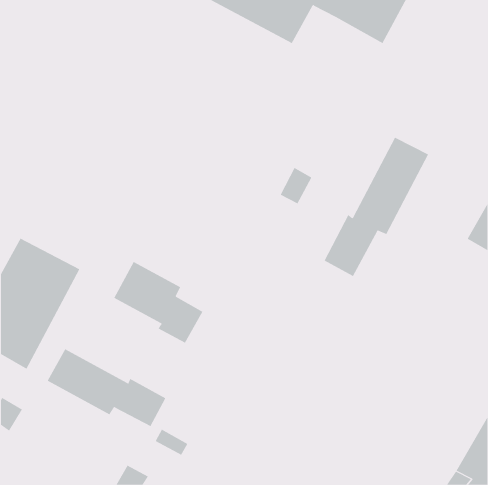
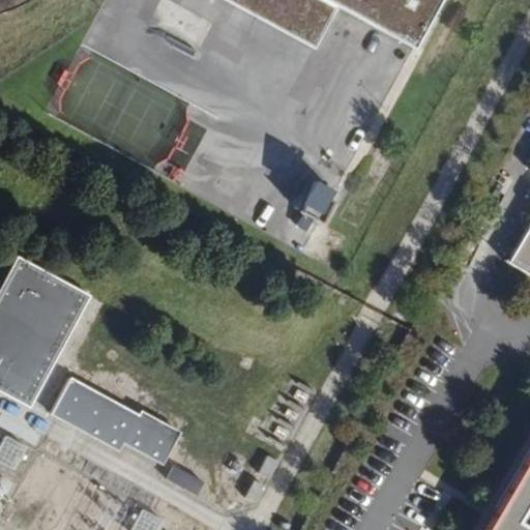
building: [324,137,429,277] -> none
building: [114,261,203,343] -> none

